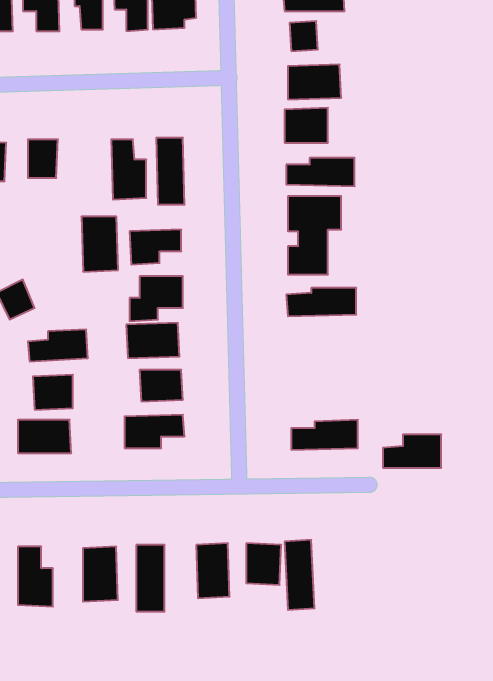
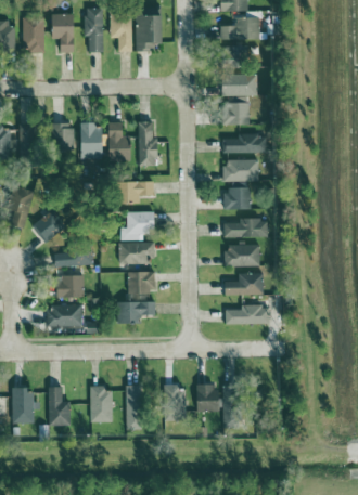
building: [81,217,118,272] -> [80,123,104,159]
building: none -> [225,244,259,266]
building: [383,434,441,468] -> [225,273,263,295]

